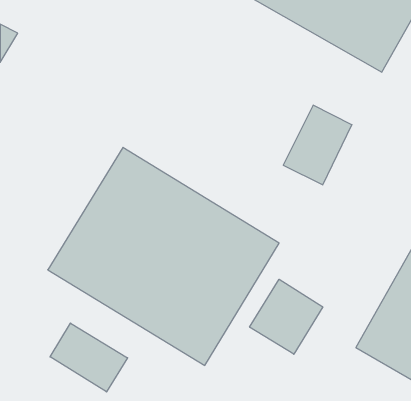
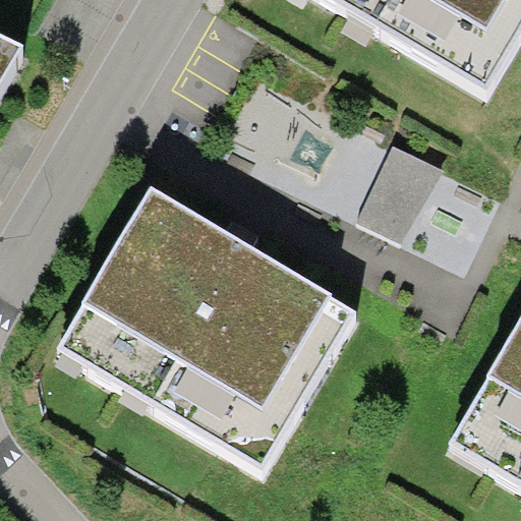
building: [250,279,323,354] -> none
building: [50,323,128,392] -> none

